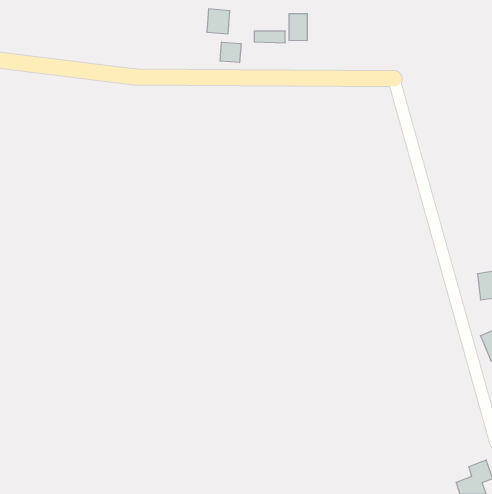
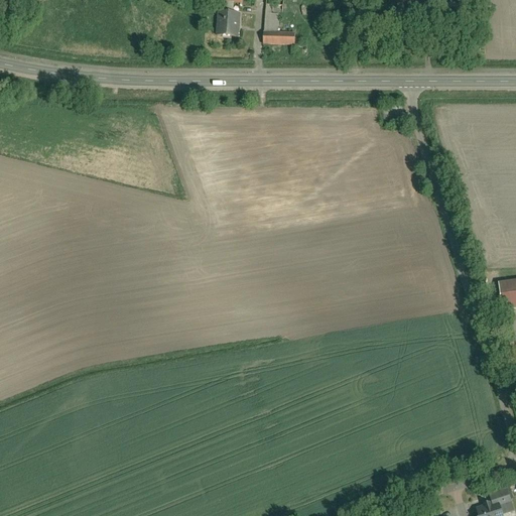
building: [289,13,307,41] -> none
building: [220,42,241,63] -> none

